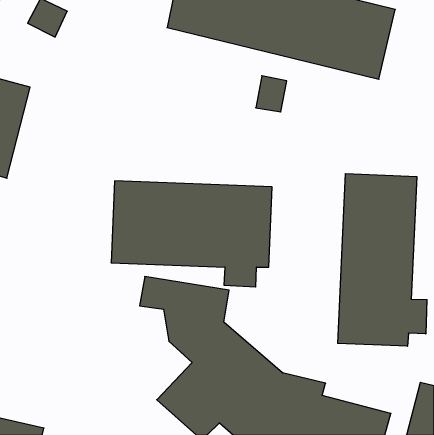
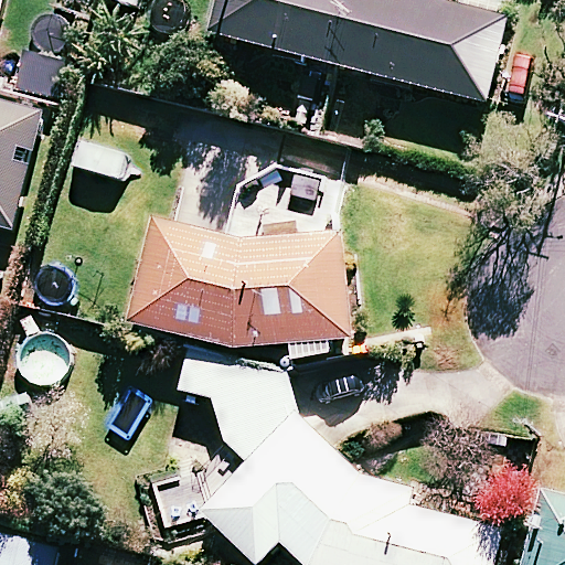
building: [338,174,427,346] -> none

